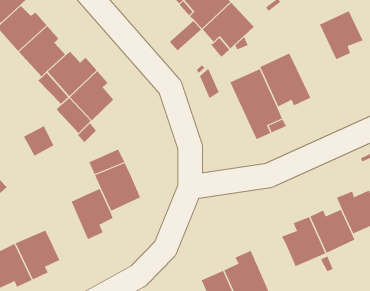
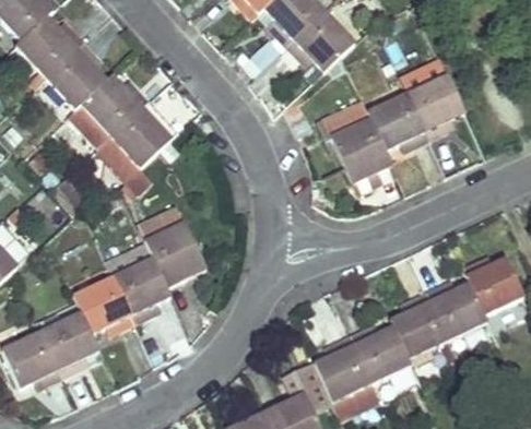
building: [319,10,363,60] -> [408,72,465,136]
building: none -> [74,272,137,332]
building: none -> [351,325,412,382]

